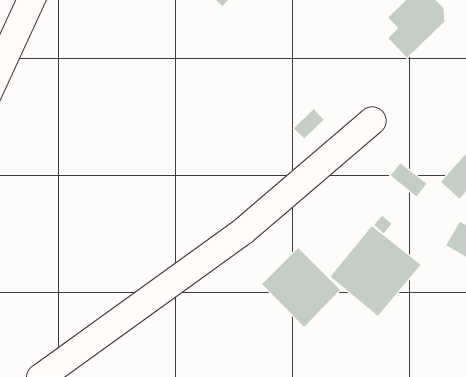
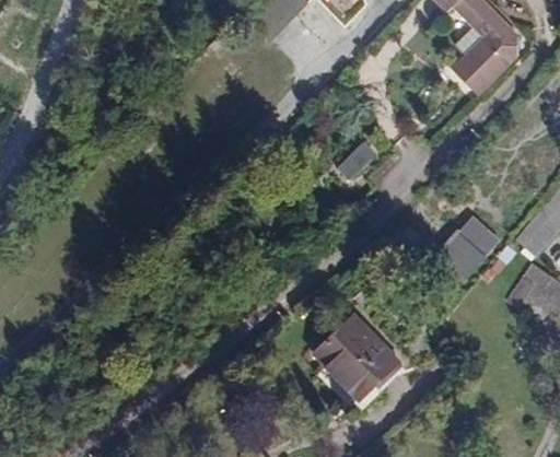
building: none -> [436,228,488,279]
building: [329,225,422,317] -> none

